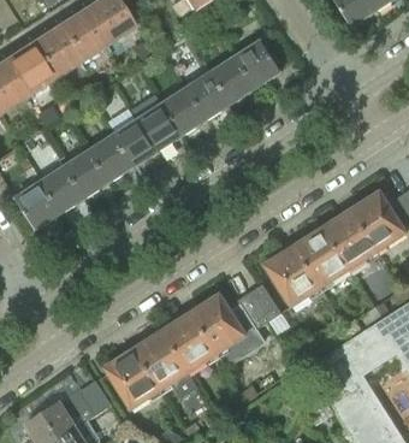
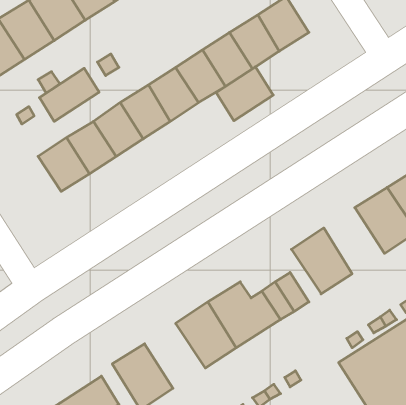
building: none -> [216,67,273,121]
building: none -> [39,68,99,121]
building: [16,182,60,229] -> none
building: [295,228,349,287] -> none
building: [135,331,189,389] -> none

